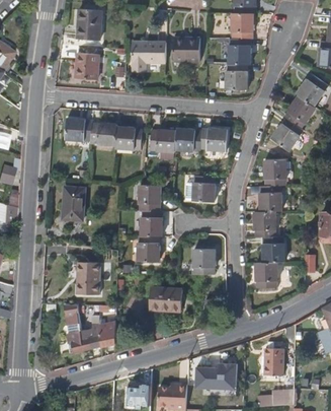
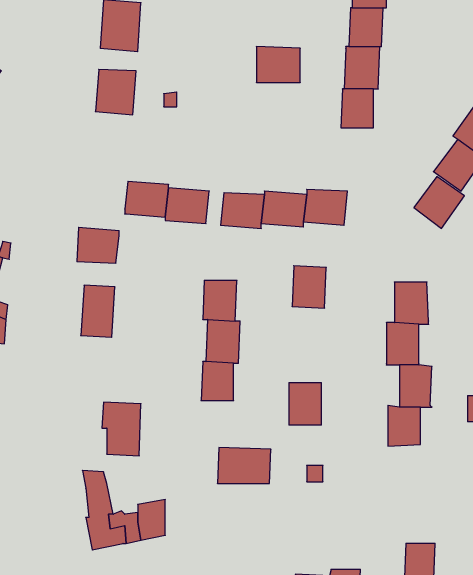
building: [133,40,166,70] -> none
building: [67,117,93,139] -> [77,227,119,263]
building: [263,159,284,185] -> none

